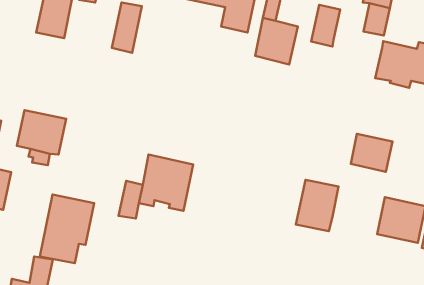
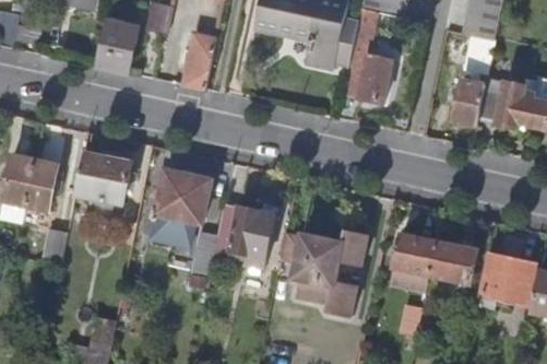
building: [311,5,340,47] -> [453,78,486,125]
building: [351,134,393,172] -> [430,239,477,282]
building: none -> [276,231,368,315]
building: [40,194,94,263] -> [148,169,210,247]

